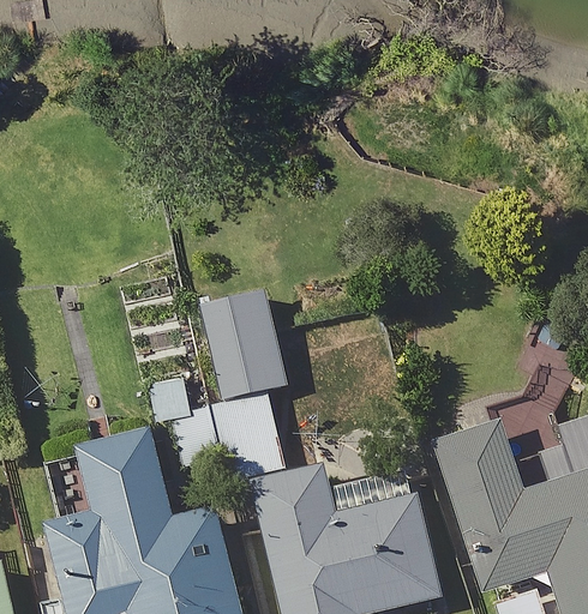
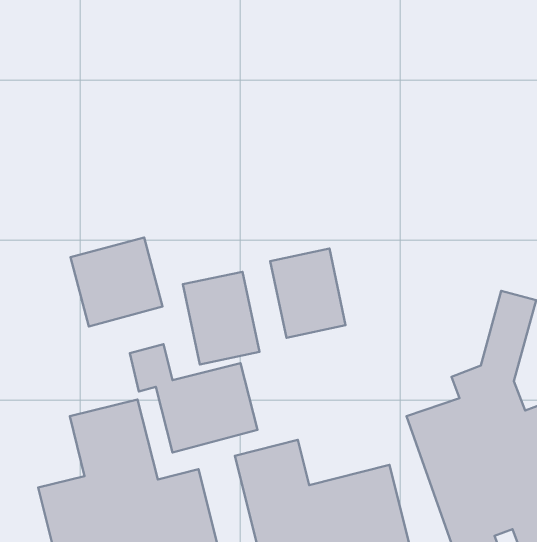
building: none -> [70,237,163,326]
building: none -> [270,248,346,338]

